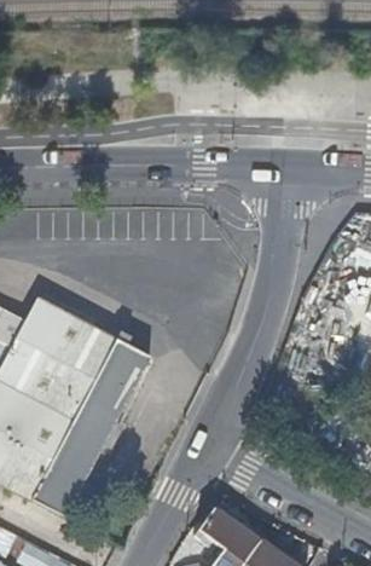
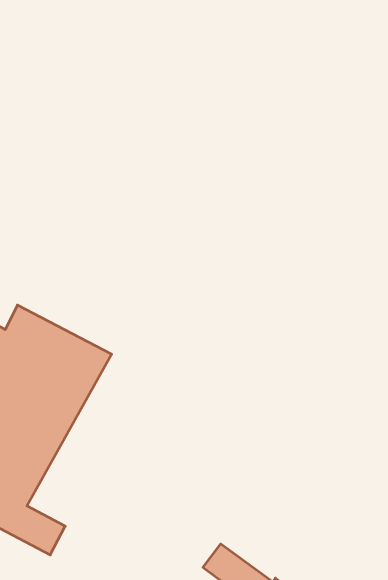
building: [45,340,149,492] -> none

